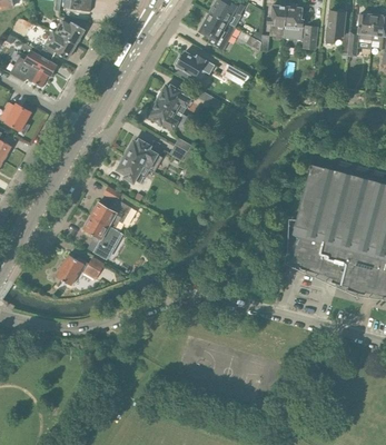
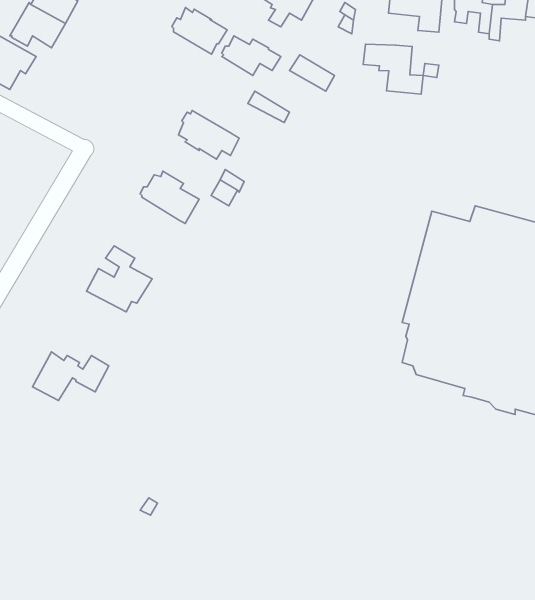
building: none -> [363,44,423,94]
building: [157,83,192,113] -> [172,7,227,54]
building: [118,155,149,182] -> none
building: [85,215,120,258] -> none

